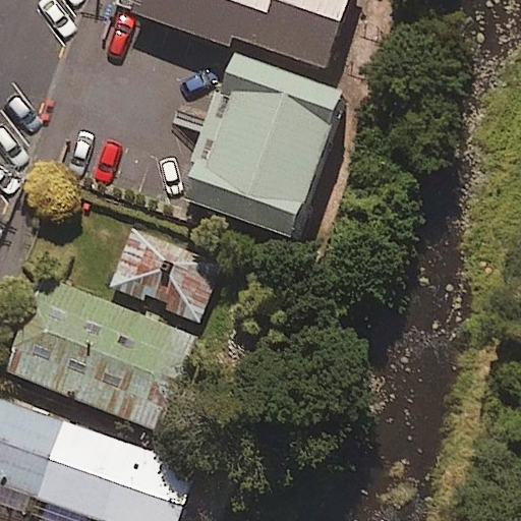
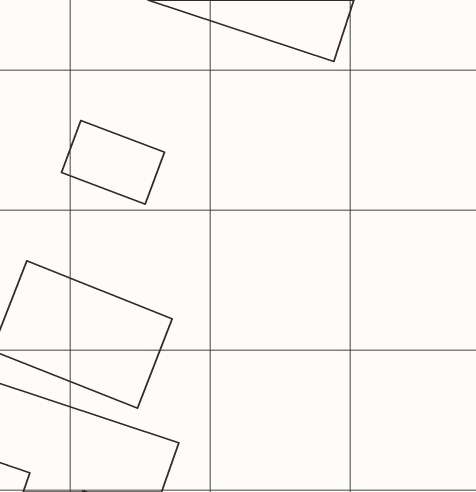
building: [209,52,371,214] -> none
building: [97,230,206,319] -> [62,121,165,204]

